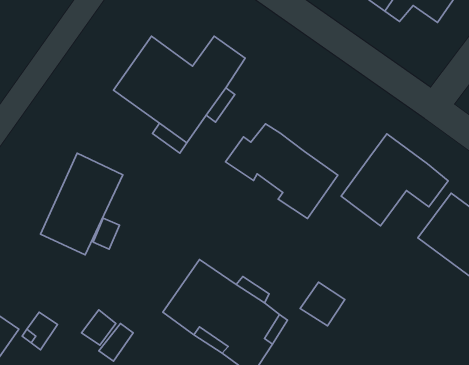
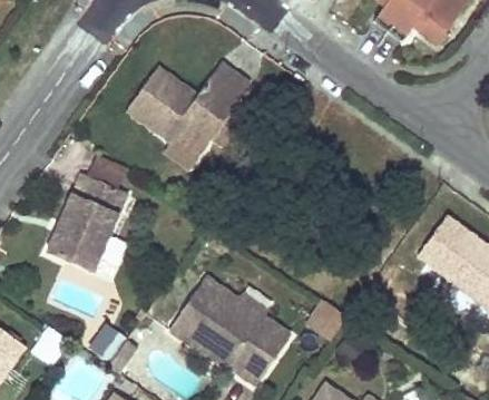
building: [225,124,338,218] -> none
building: [341,134,448,226] -> none

